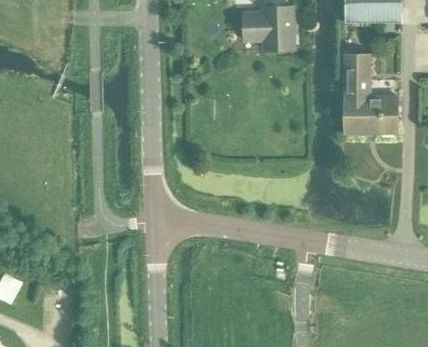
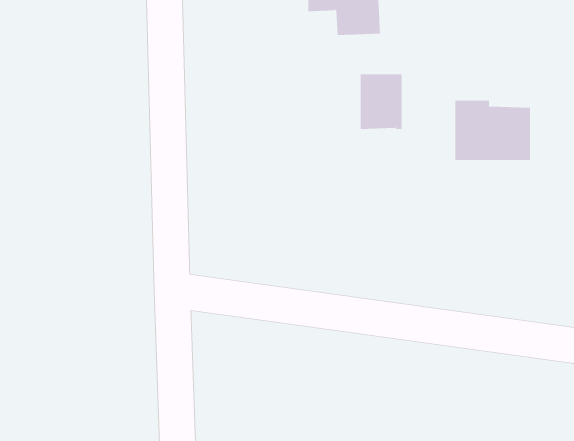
building: [344,55,373,93] -> [360,74,402,130]

